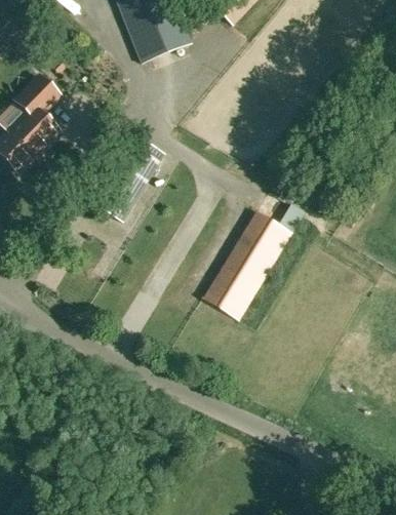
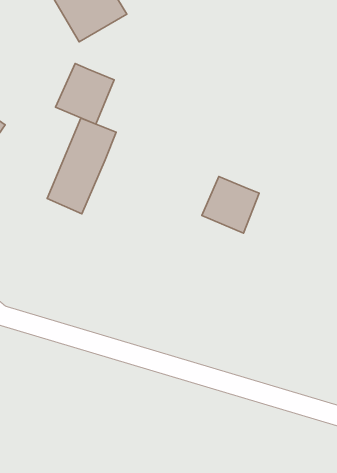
building: none -> [56,63,114,124]
building: [203,243,272,320] -> none

